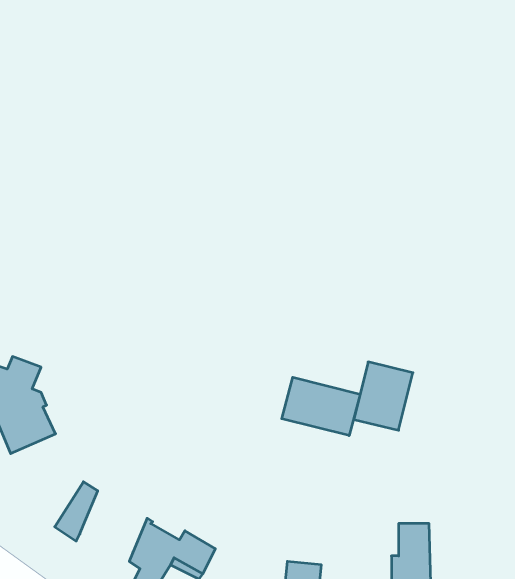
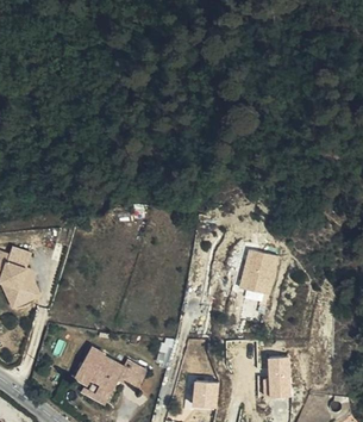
building: [282,377,360,436] -> none
building: [55,482,98,541] -> [74,347,102,386]

